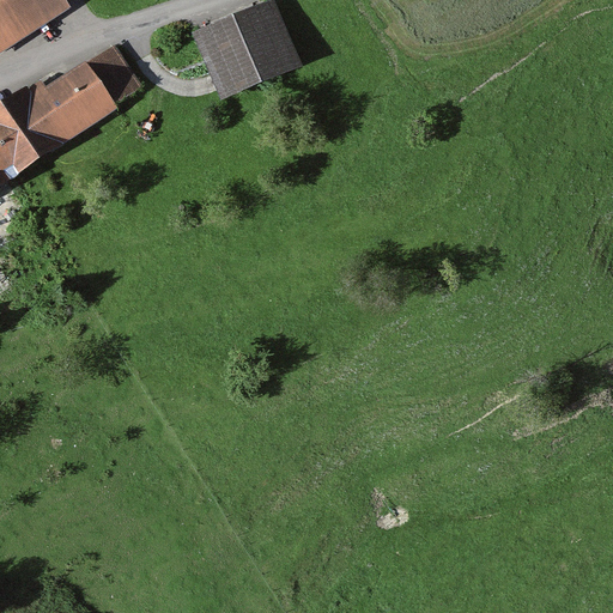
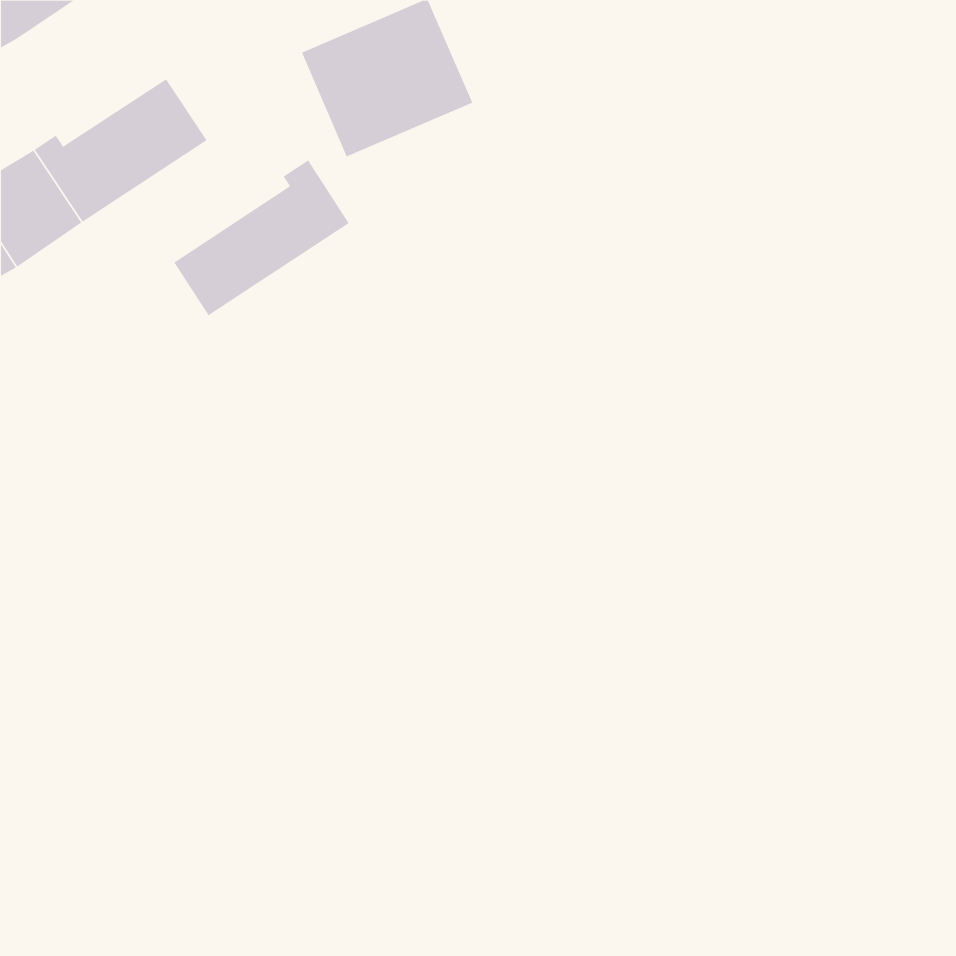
building: none -> [174,160,349,316]

